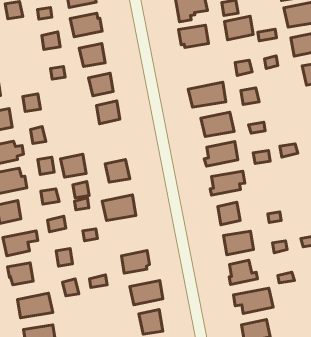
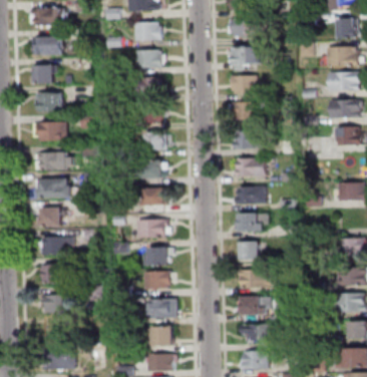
building: [224,16,253,40] -> [234,102,258,120]
building: [60,154,86,177] -> [141,160,162,178]
building: none -> [143,248,168,267]

